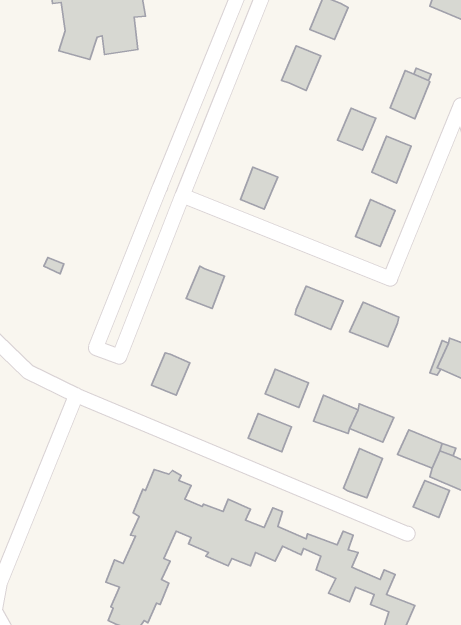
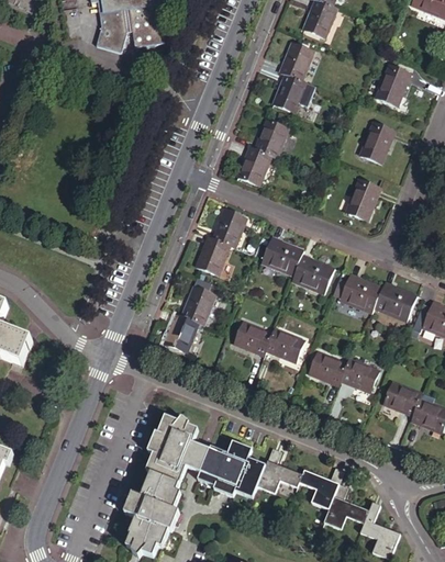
building: [338,108,376,150] -> [275,74,309,111]
building: none -> [251,115,285,155]
building: none -> [212,207,247,247]
building: none -> [260,235,304,274]
building: none -> [181,283,215,324]
building: none -> [372,286,415,326]
building: [248,413,292,452] -> [234,321,272,355]
building: [344,448,382,498] -> none
building: [413,480,450,518] -> none

